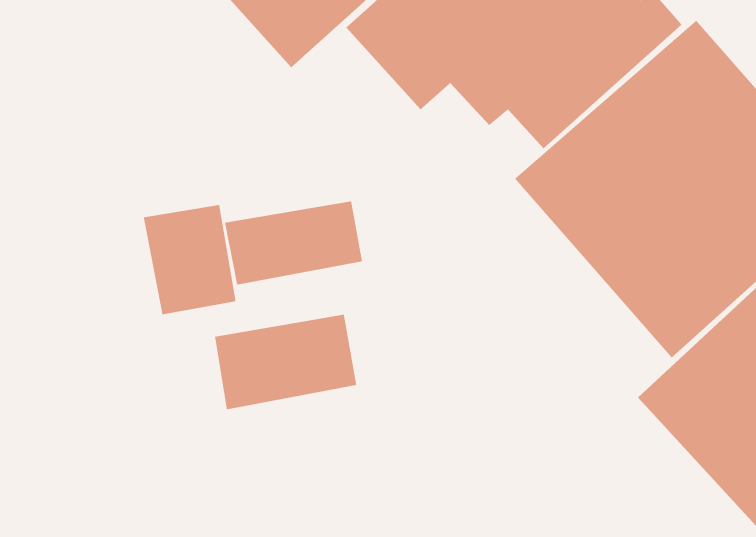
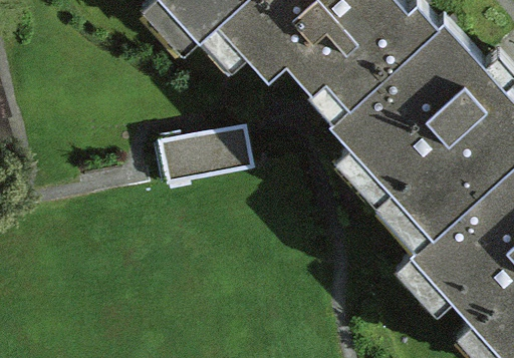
building: [143,204,236,315] -> none
building: [214,314,357,410] -> none

